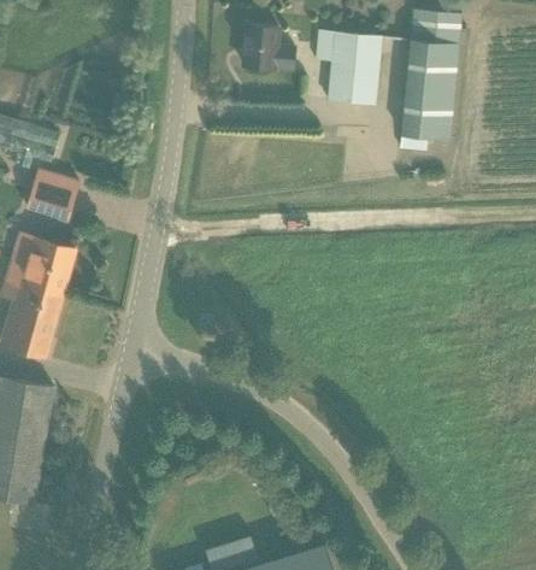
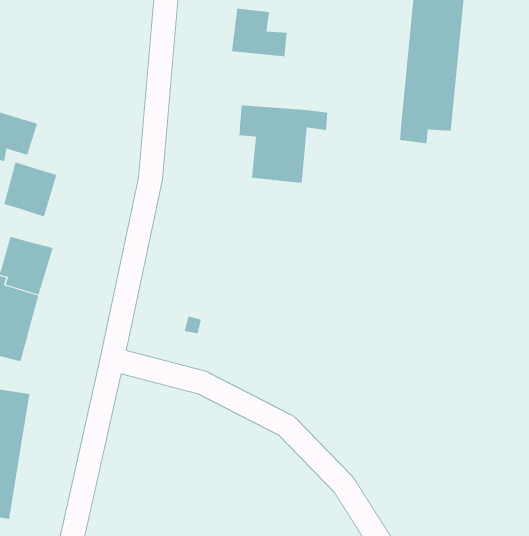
building: [316,31,400,105] -> [238,105,328,183]

